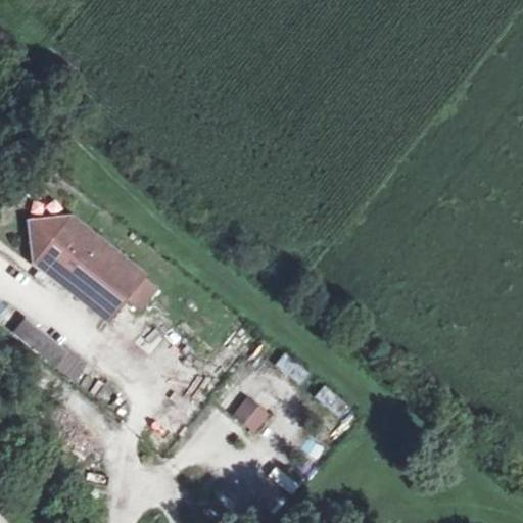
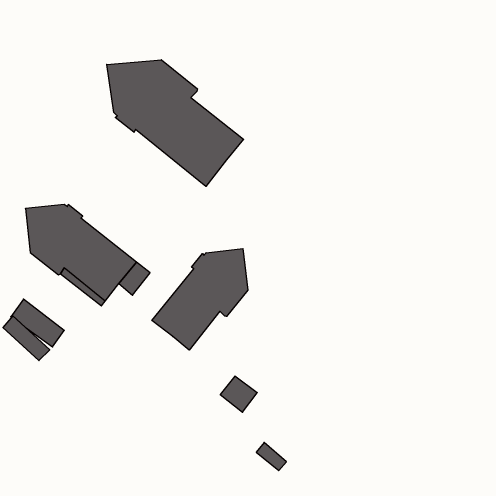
building: none -> [107,60,244,186]
building: none -> [152,249,248,350]

